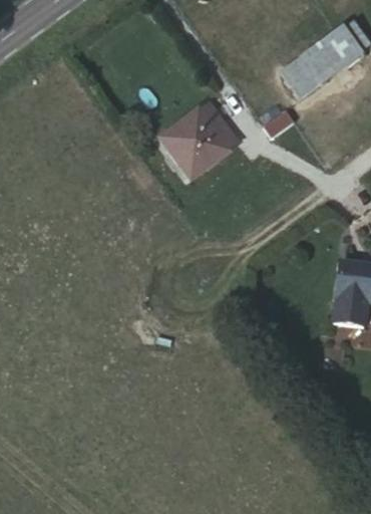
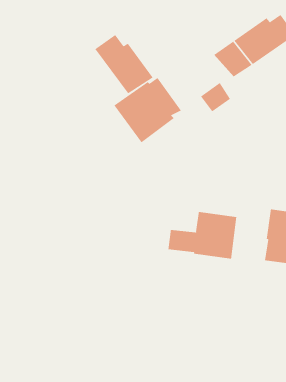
building: none -> [95,34,154,94]
building: none -> [168,211,237,259]

